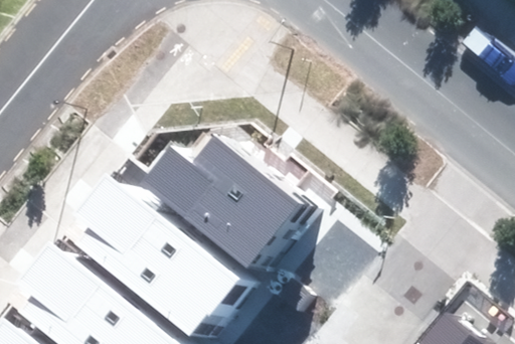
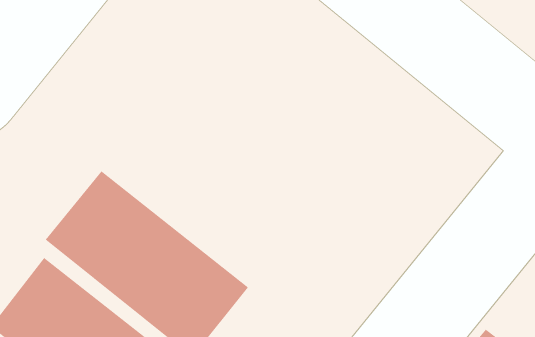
building: [147,136,306,273] -> none

